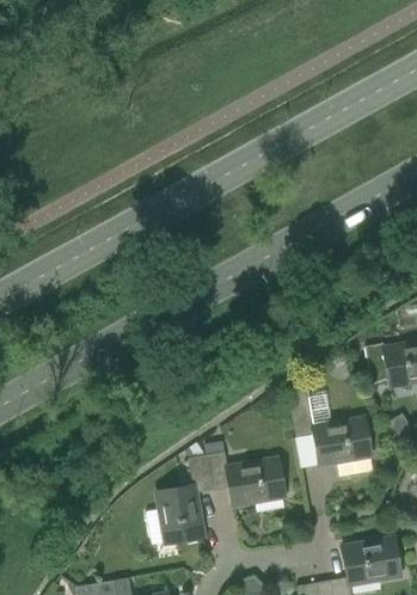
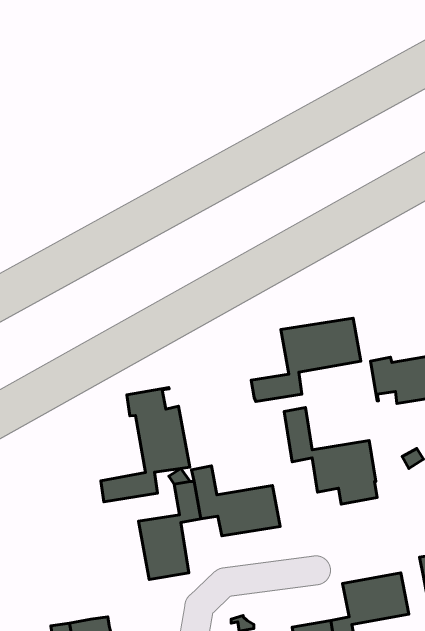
building: none -> [251,318,361,402]
building: none -> [101,387,190,502]

